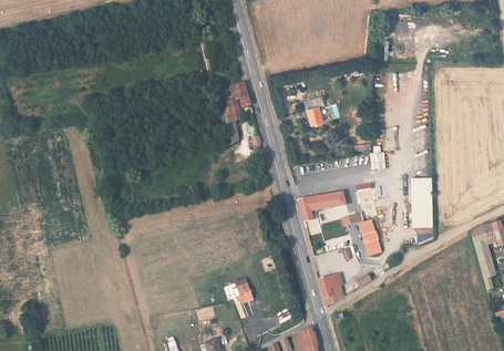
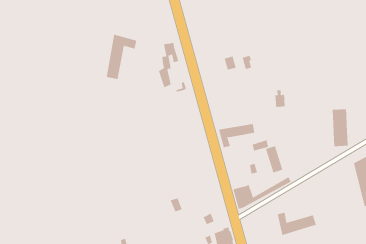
building: none -> [106,34,137,80]
building: [412,179,434,229] -> [332,109,349,147]
building: none -> [277,212,316,236]

